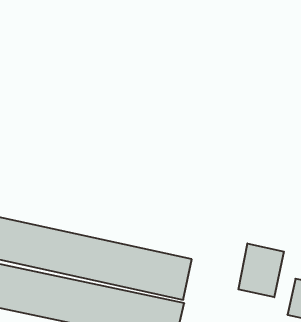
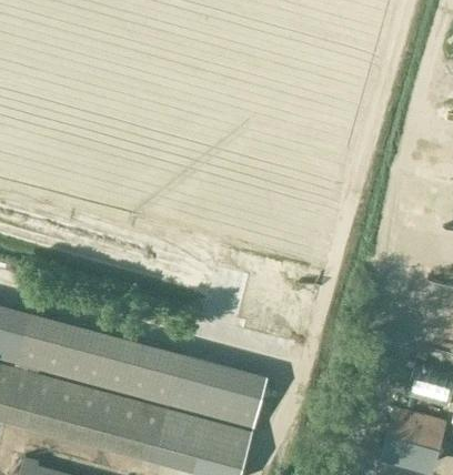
building: [238,243,284,297] -> none

